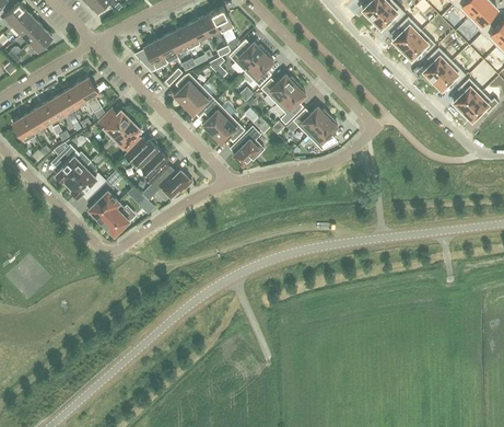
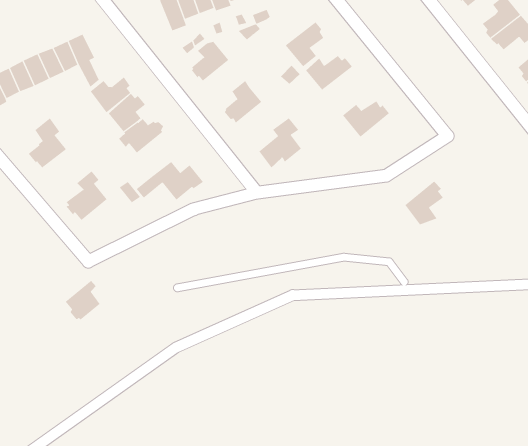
building: [227,42,265,71] -> none
building: [274,82,304,125] -> none
building: [183,86,215,115] -> none
building: [307,115,337,150] -> [404,181,444,225]
building: [211,119,244,145] -> none
building: [138,147,168,183] -> none
building: [67,168,105,197] -> none
building: [101,203,128,234] -> [65,280,100,320]

